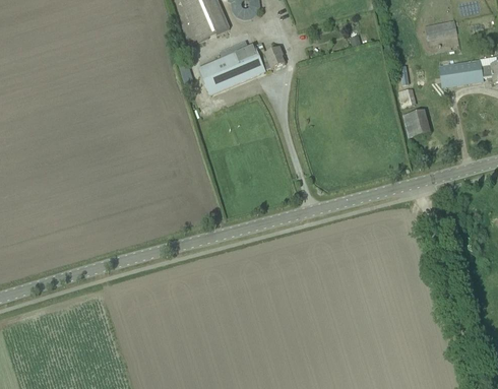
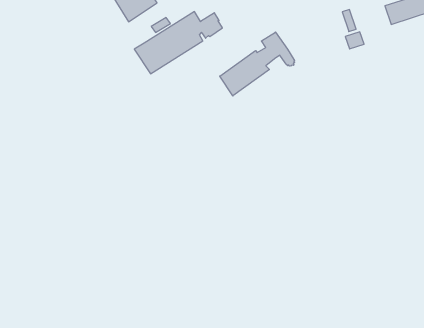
building: none -> [220,32,295,96]
building: [401,108,430,137] -> none

